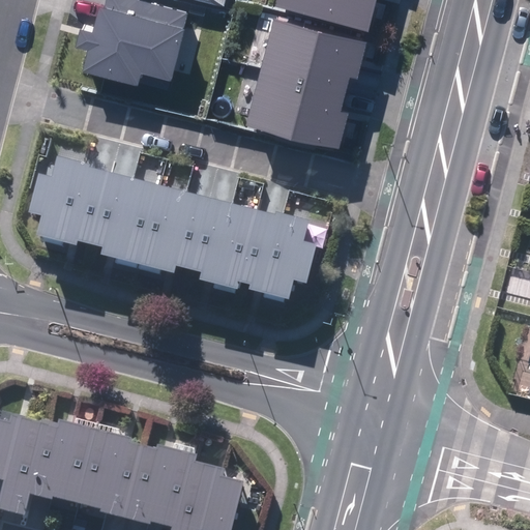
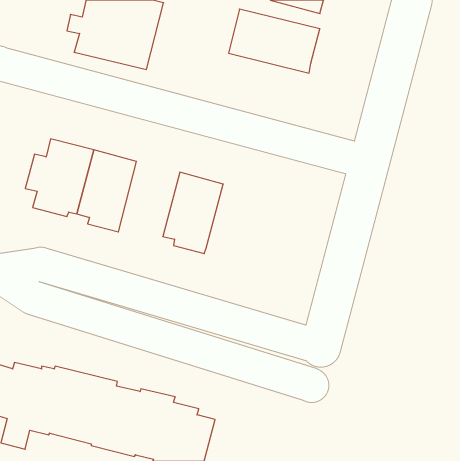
building: [249,61,354,135] -> none
building: [136,185,206,276] -> none
building: [236,211,316,301] -> none

